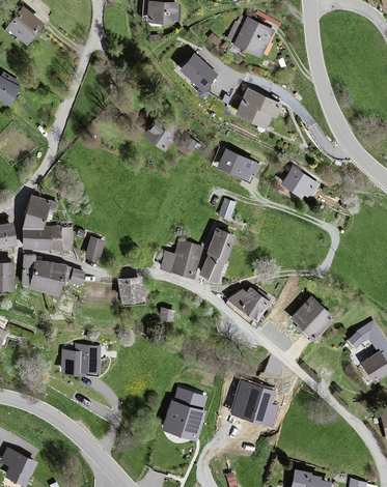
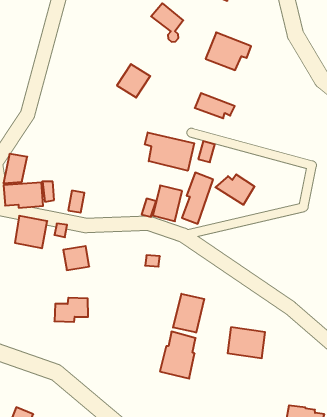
building: [281,167,317,201] -> none
building: none -> [145,132,194,171]
building: [116,277,141,299] -> [63,246,89,270]
building: [227,287,267,318] -> [215,174,255,205]
building: [291,296,332,338] -> none
building: none -> [173,294,204,333]

